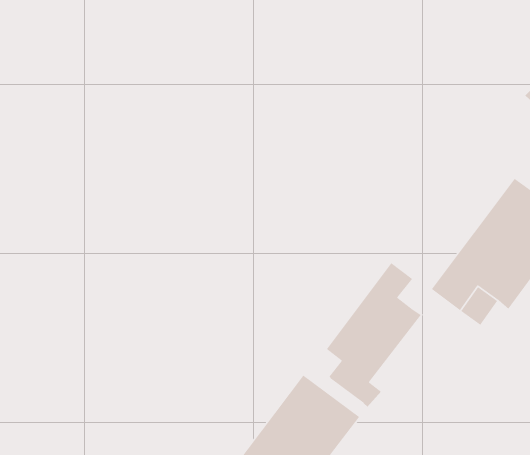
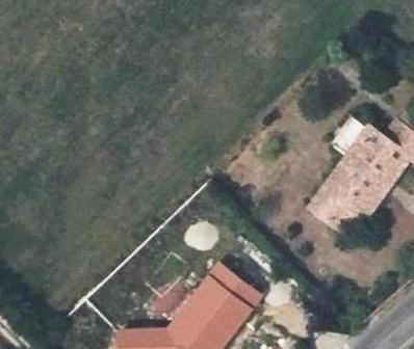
building: [326,262,422,408] -> none

